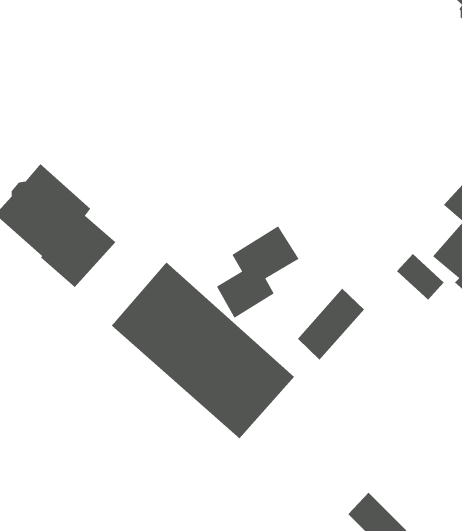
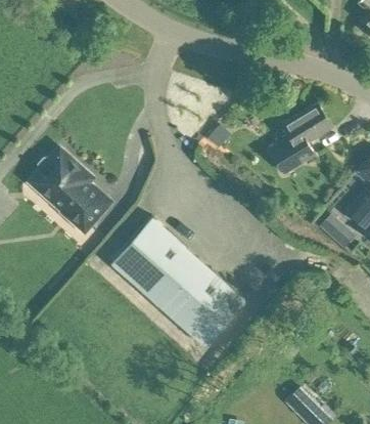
building: [216,226,299,319] -> [270,103,331,172]
building: [297,288,365,360] -> none

